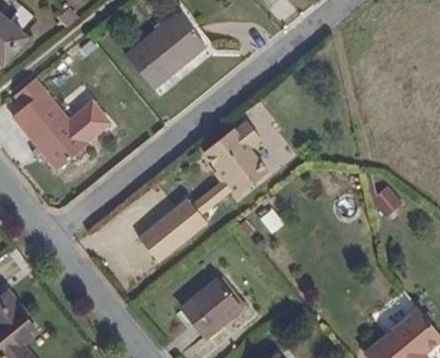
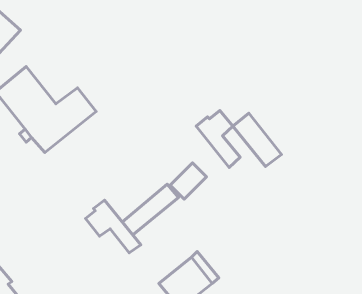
building: [125,12,205,88] -> none
building: [204,139,256,197] -> [233,113,281,167]
building: none -> [85,200,141,253]

